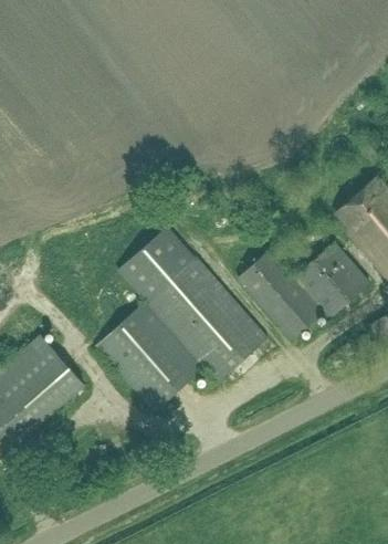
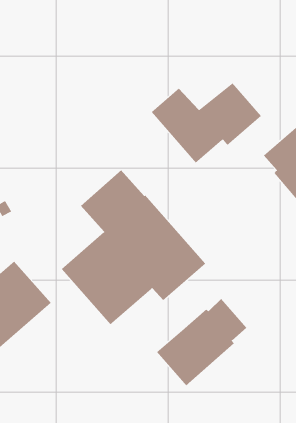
building: [237,243,368,339] -> [151,82,262,163]
building: none -> [156,298,247,386]

